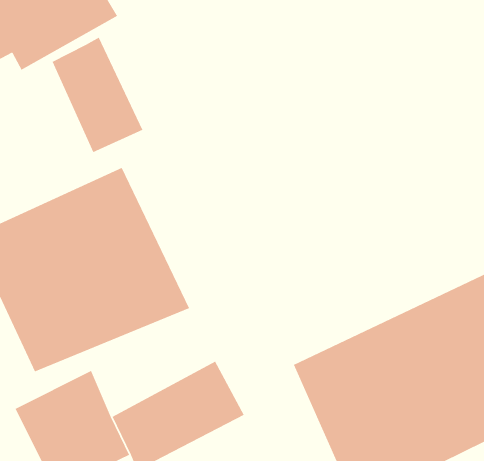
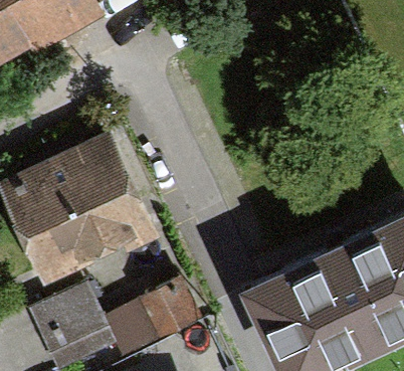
building: [51,37,143,153] -> none

